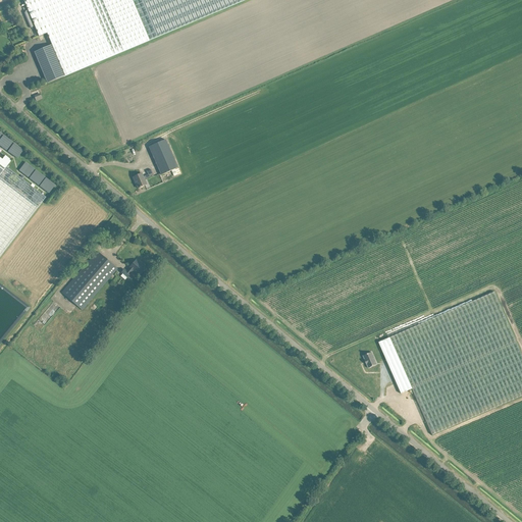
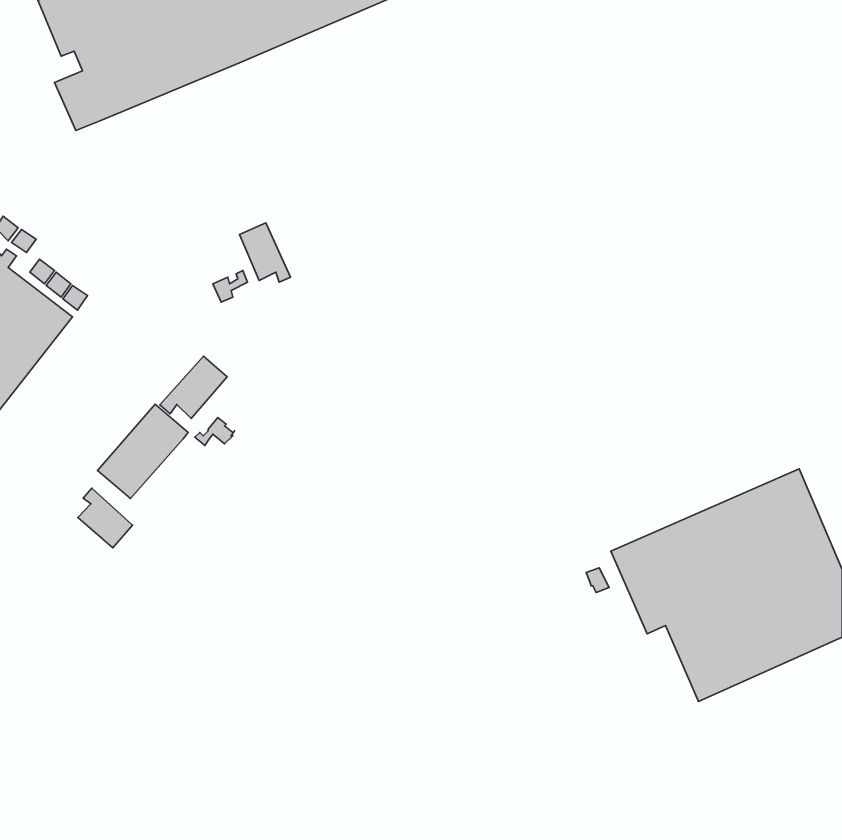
building: none -> [160,356,227,418]
building: none -> [78,488,133,548]

